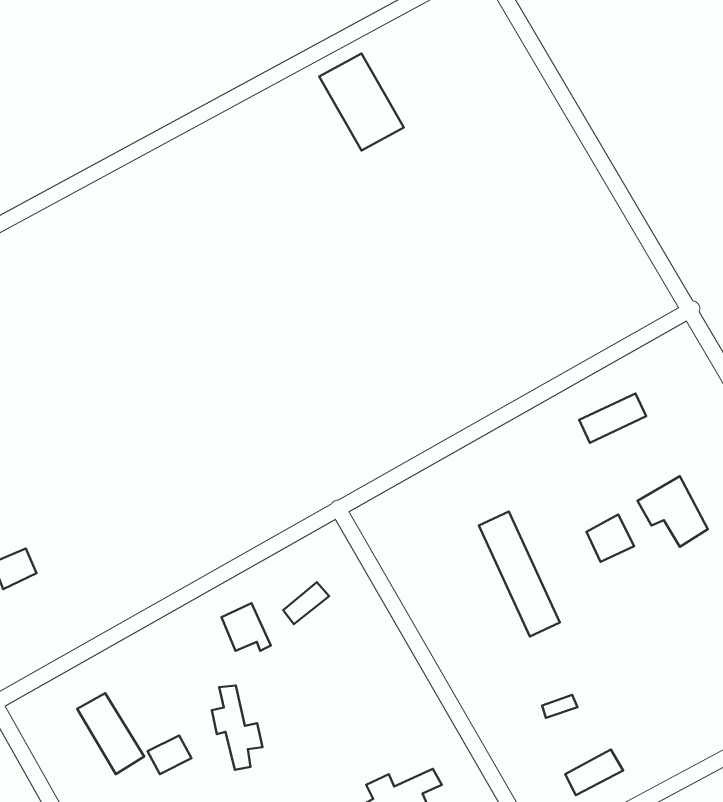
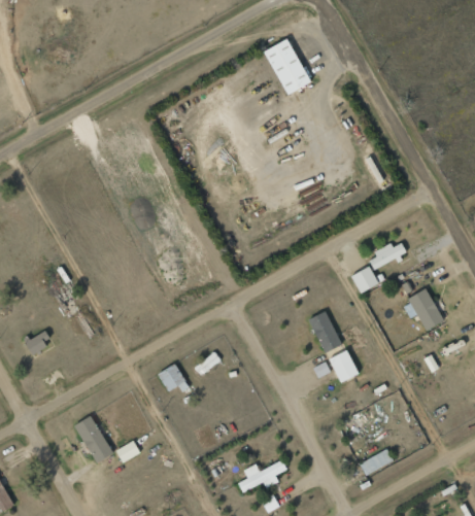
building: [319,54,404,151] -> [263,38,312,95]
building: [586,514,634,562] -> [351,266,379,294]
building: [212,685,262,770] -> none

